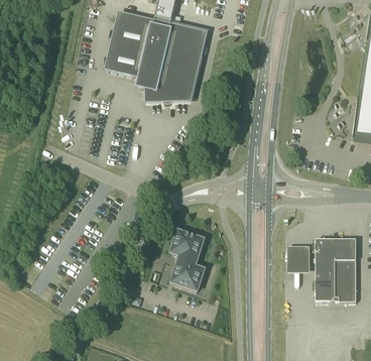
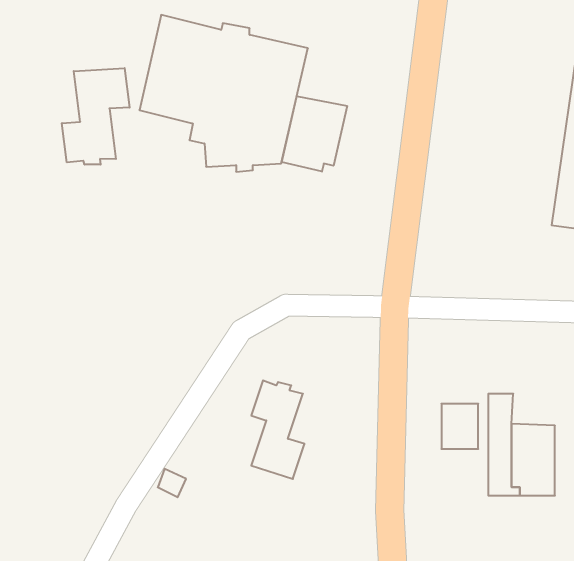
building: none -> [62,68,130,165]
building: none -> [282,96,347,172]
building: [330,238,356,257] -> none

